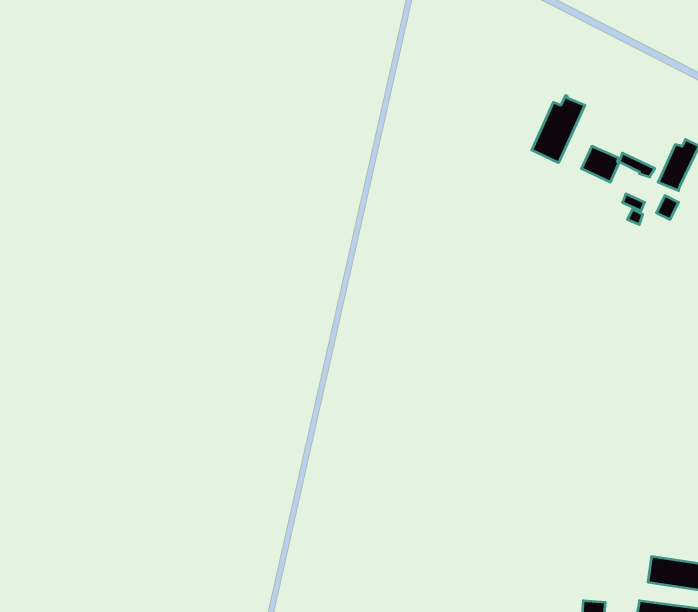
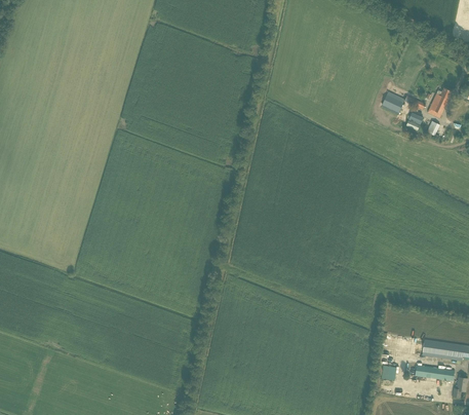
building: [532,95,585,163] -> none

